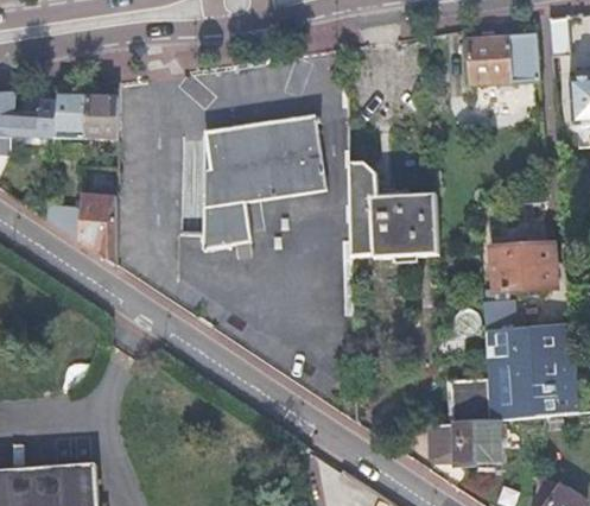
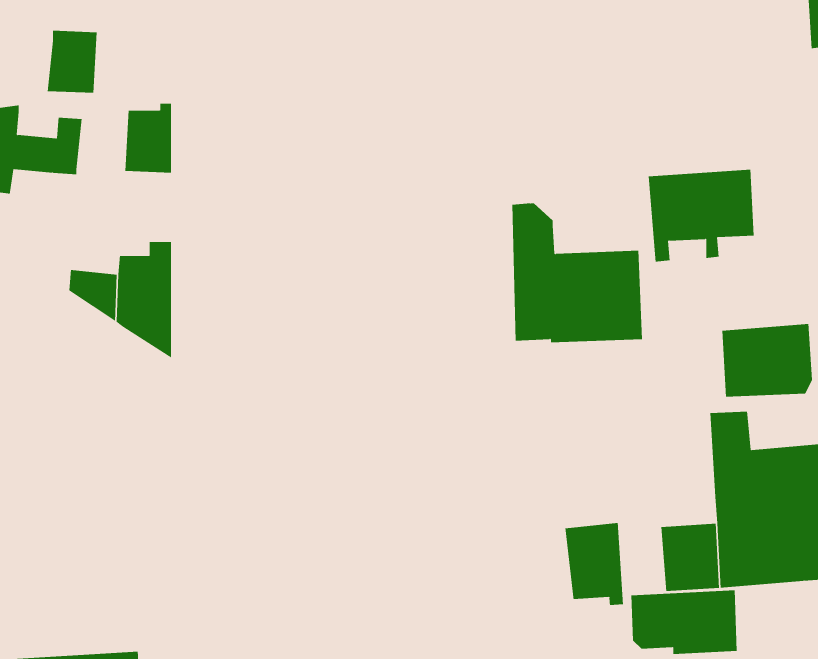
building: [465,34,538,97] -> [648,169,755,262]
building: [53,95,88,138] -> [47,30,98,93]
building: [202,115,325,247] -> none
building: none -> [565,522,623,606]

